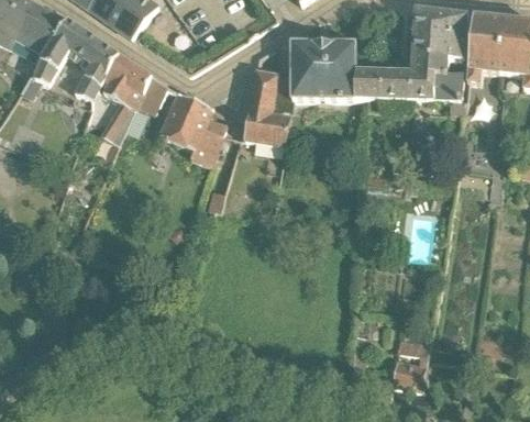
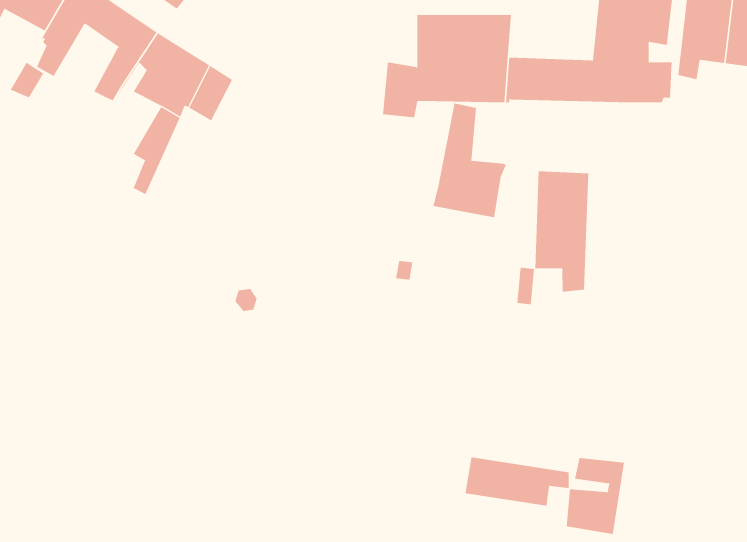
building: [242,68,291,145] -> [433,103,506,218]
building: [157,90,228,163] -> none
building: none -> [535,171,589,292]
building: none -> [465,456,569,507]

